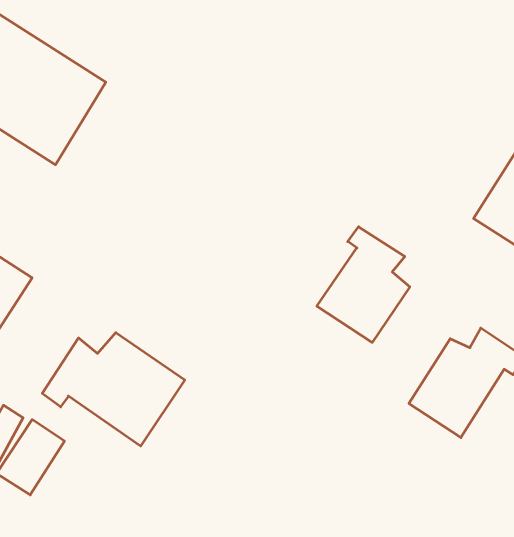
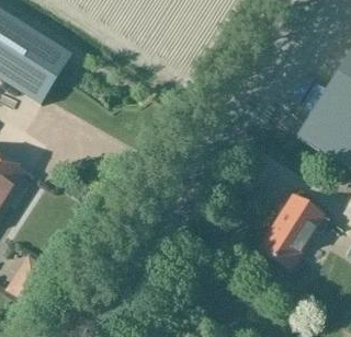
building: [317,227,410,342] -> none
building: [42,333,185,446] -> none

